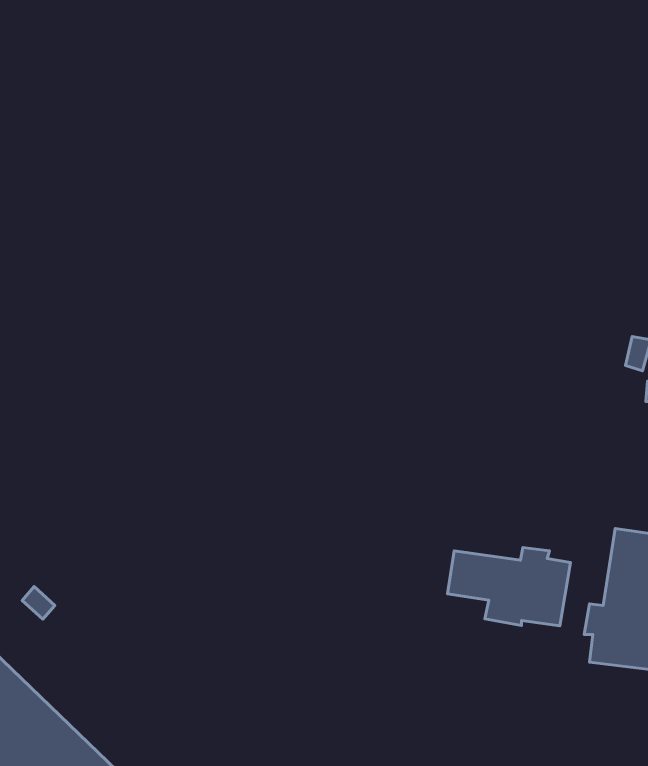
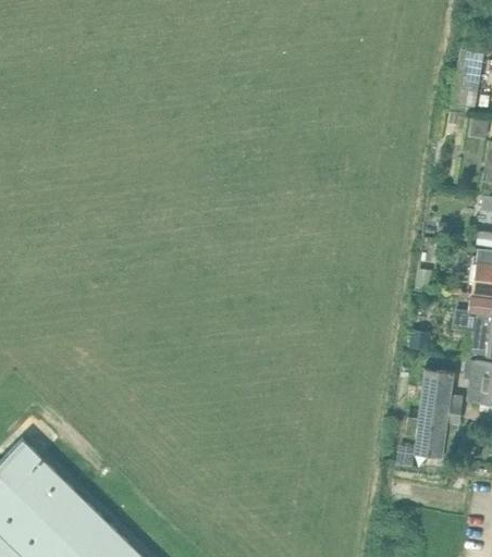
building: [448,547,571,626] -> none

